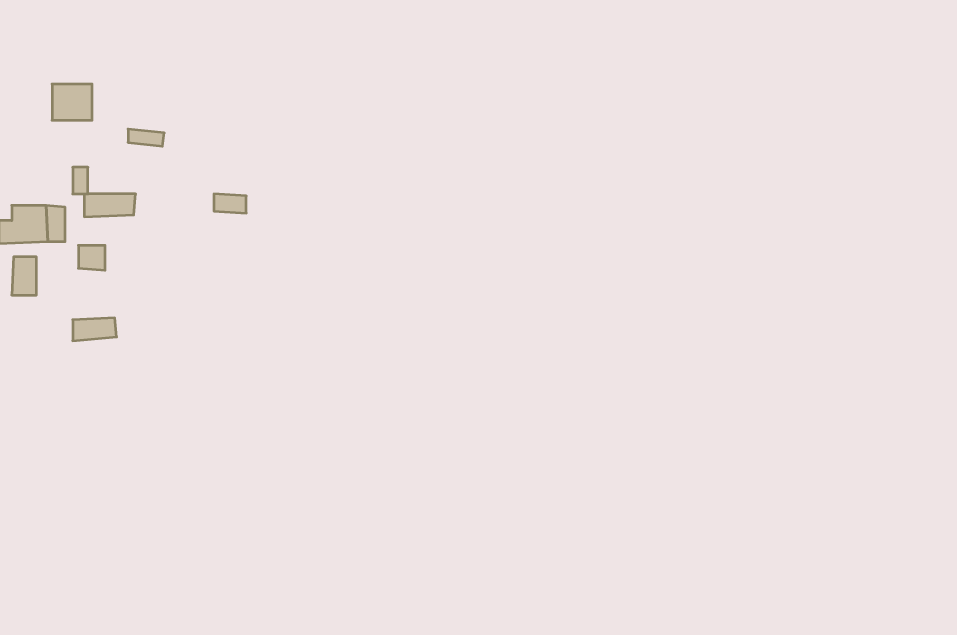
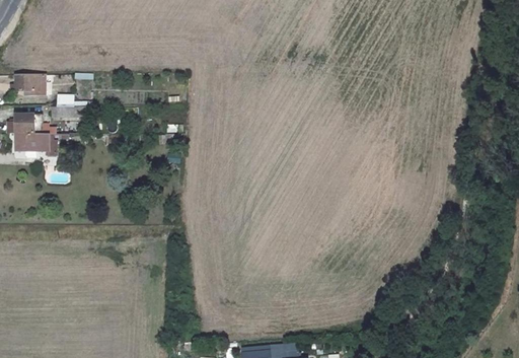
building: [52,84,92,120] -> [16,75,38,94]

